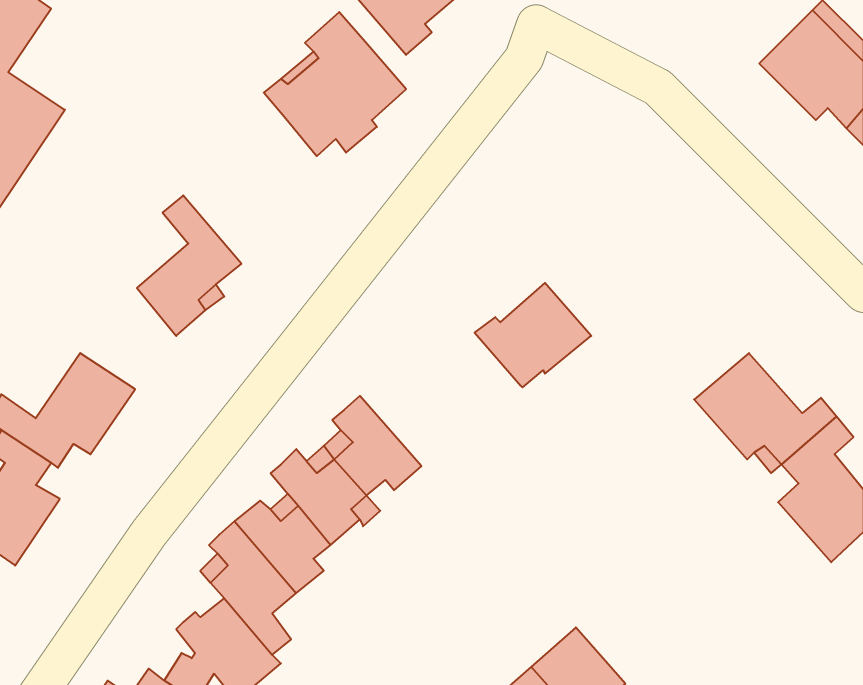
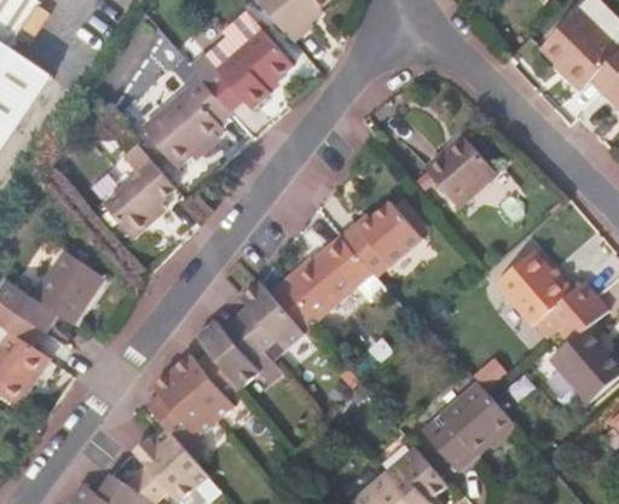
building: none -> [143,66,230,166]
building: none -> [426,135,497,205]
building: none -> [284,237,374,321]
building: none -> [423,382,514,471]

